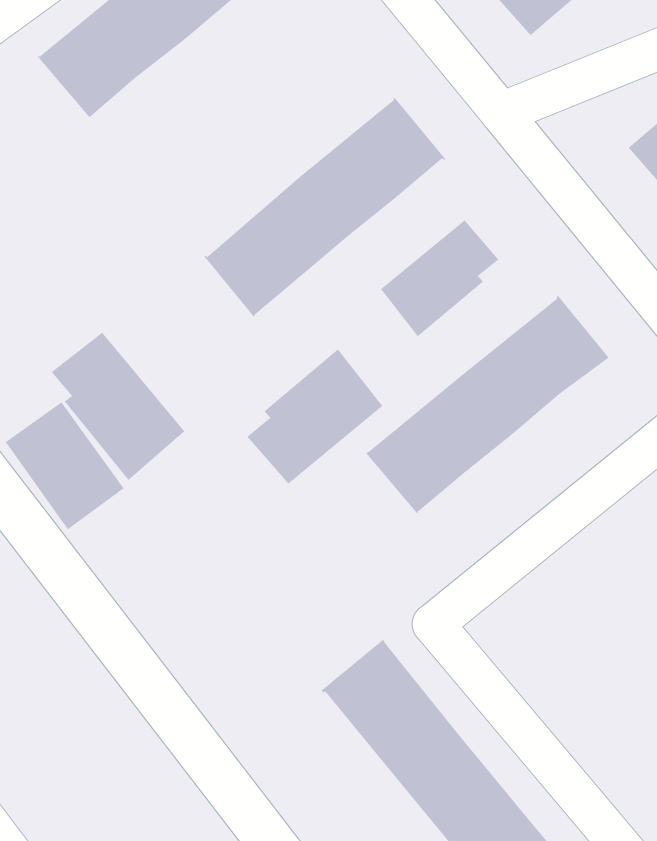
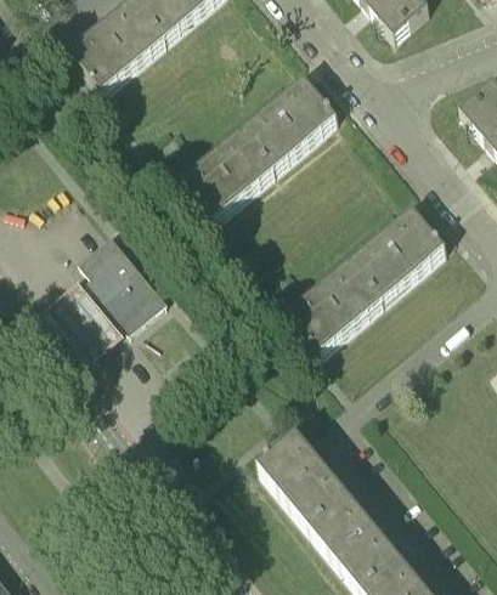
building: [380,220,499,337] -> none
building: [247,348,383,484] -> none

